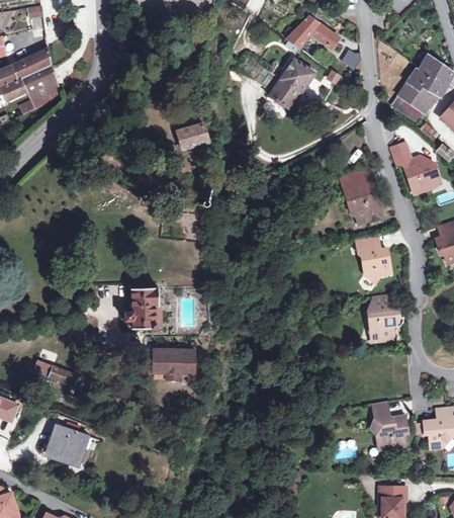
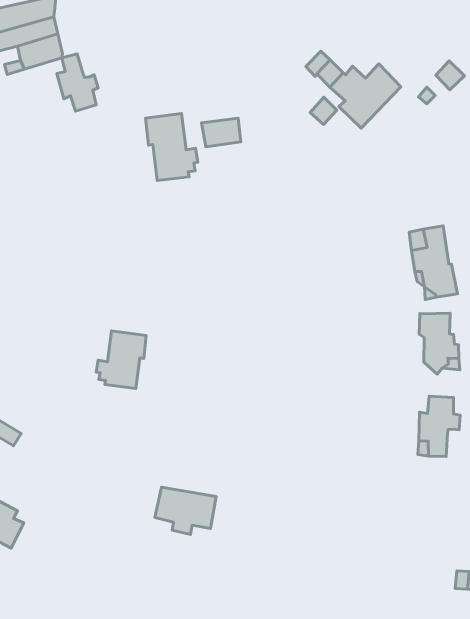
building: [286,16,338,49] -> none
building: none -> [57,54,98,111]
building: none -> [146,114,198,181]
building: [151,346,193,377] -> [155,487,216,535]
building: [374,402,406,450] -> none

